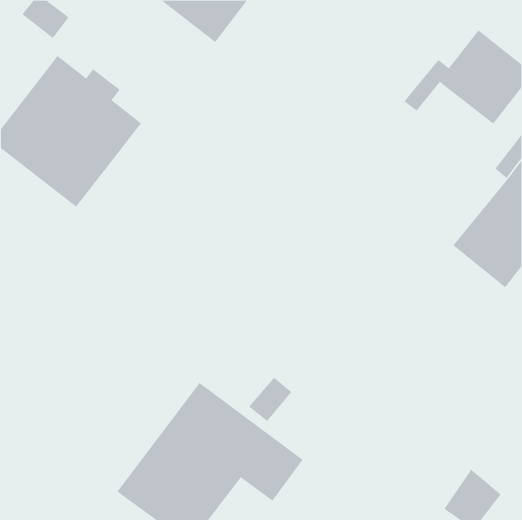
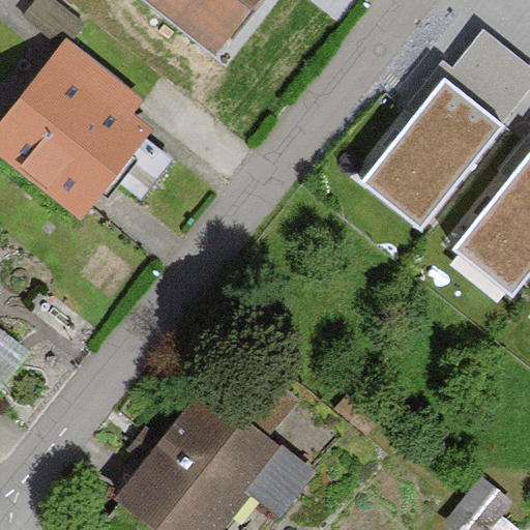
building: none -> [369,86,500,226]

